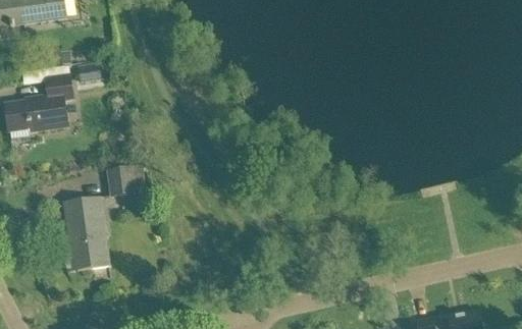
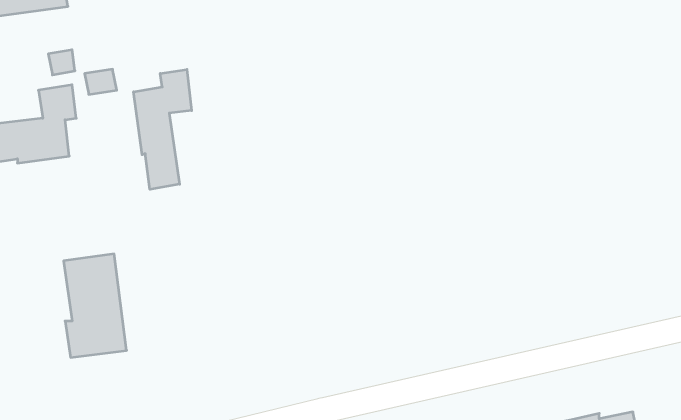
building: none -> [134,69,192,189]
building: [107,163,147,195] -> none

